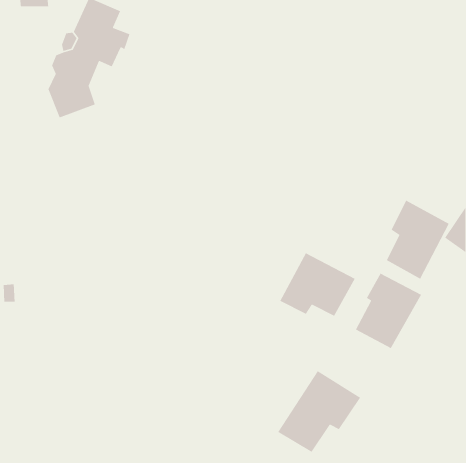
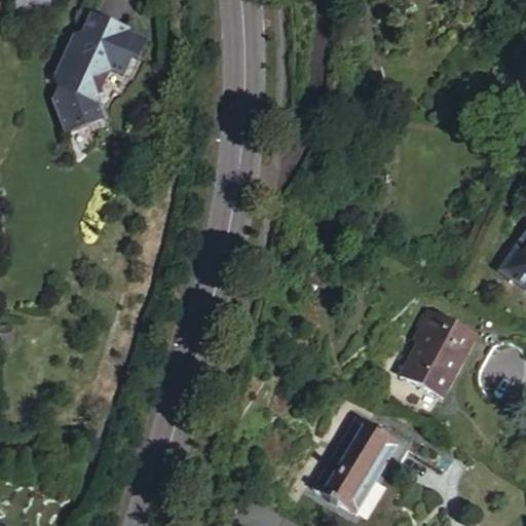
building: [386,200,450,280] -> none
building: [279,252,356,317] -> none

